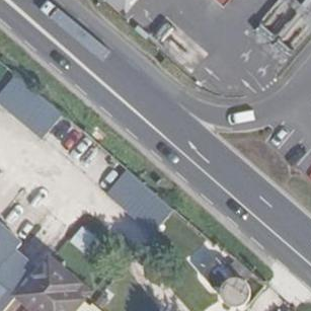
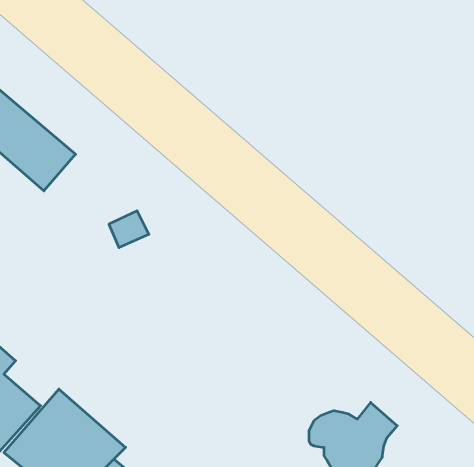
building: [103,166,170,229] -> none

